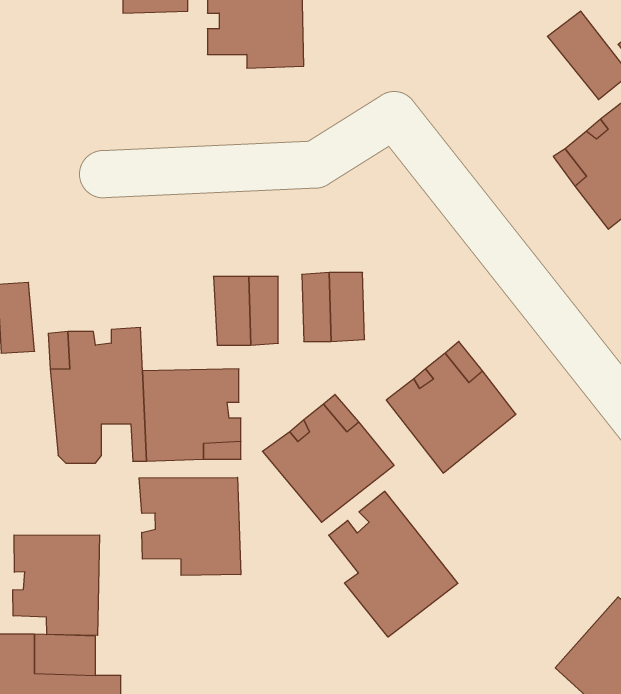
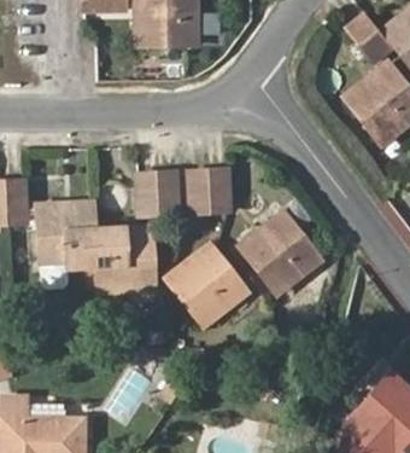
building: [139,477,241,575] -> none
building: [329,491,458,637] -> none
building: [13,535,100,635] -> none

